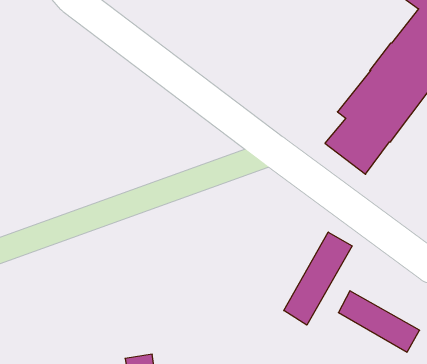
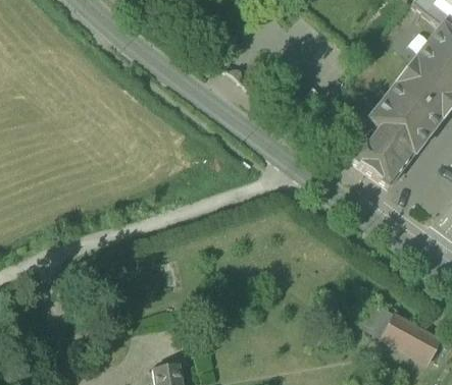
building: [284,232,352,325] -> none

